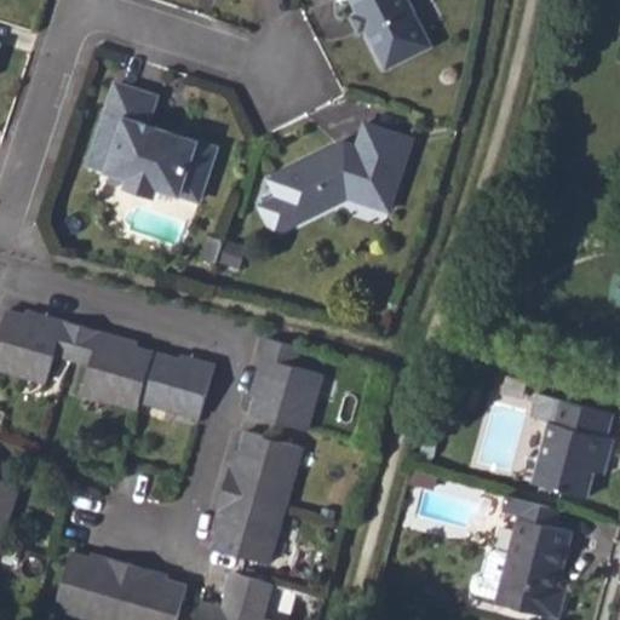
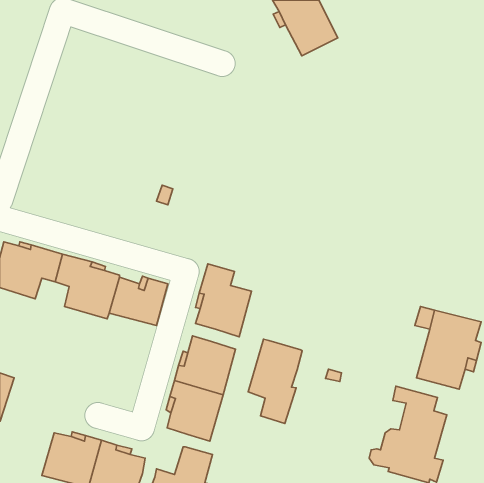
building: [88,85,214,202] -> none
building: [263,124,414,235] -> none
building: none -> [248,339,302,423]

